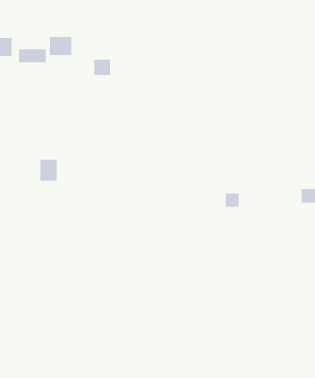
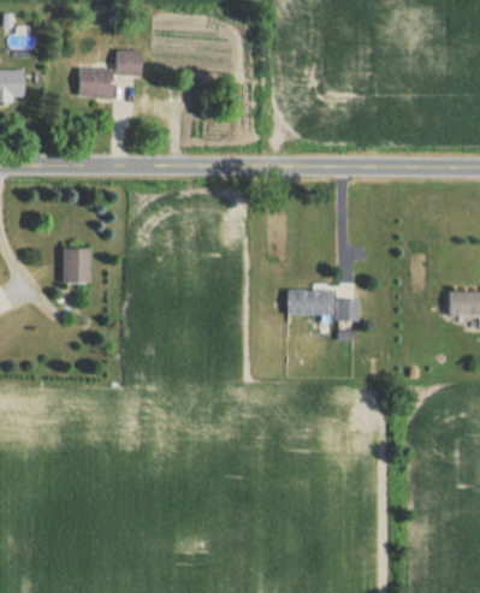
building: [18,49,47,63] -> none
building: [94,59,111,76] -> [115,51,141,76]
building: none -> [288,291,333,315]

